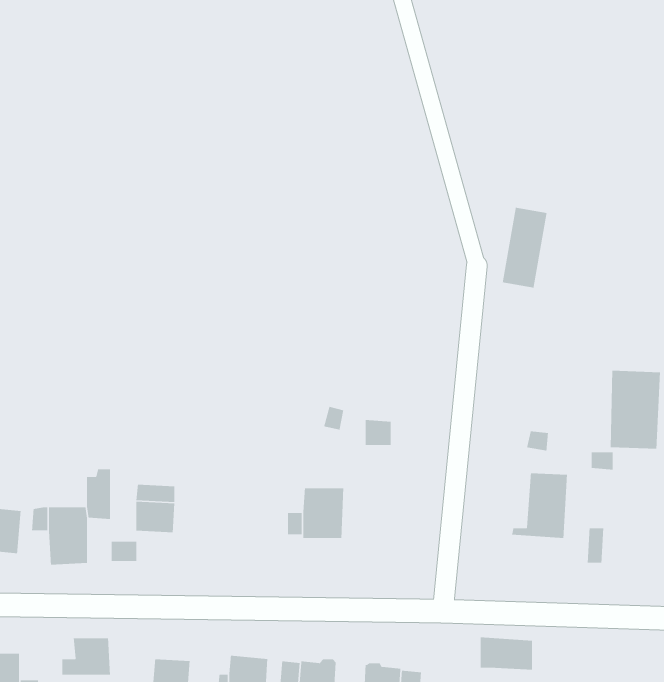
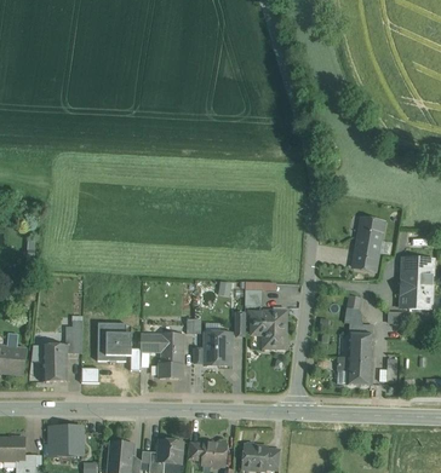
building: [502,207,547,288] -> [354,217,383,269]
building: none -> [252,310,286,346]
building: none -> [149,331,183,377]
building: [480,636,533,671] -> [338,362,372,383]

